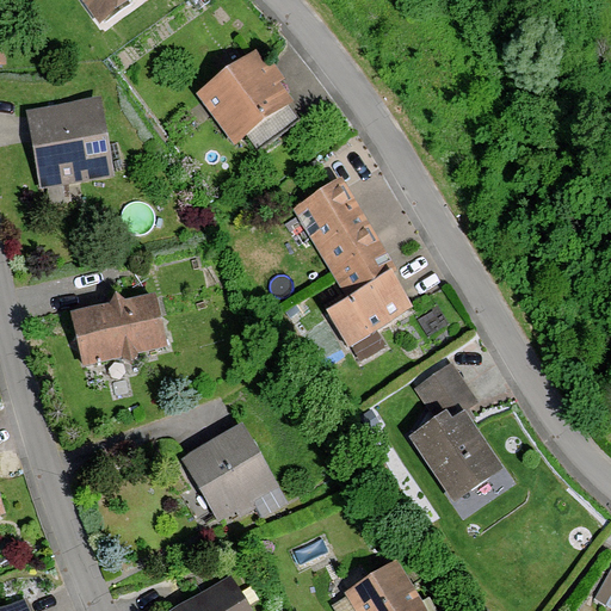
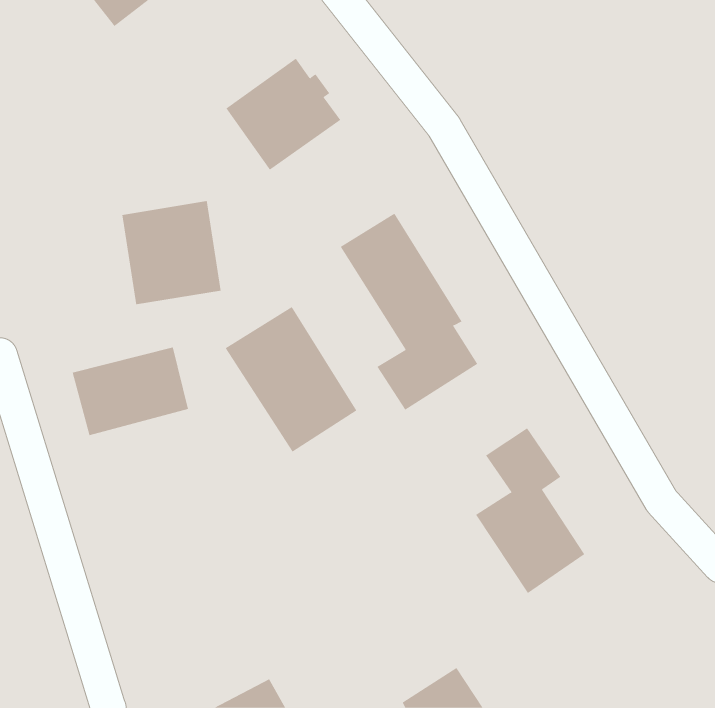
building: [29,97,113,185] -> [121,201,222,305]
building: none -> [225,306,357,453]
building: [180,424,276,520] -> none

